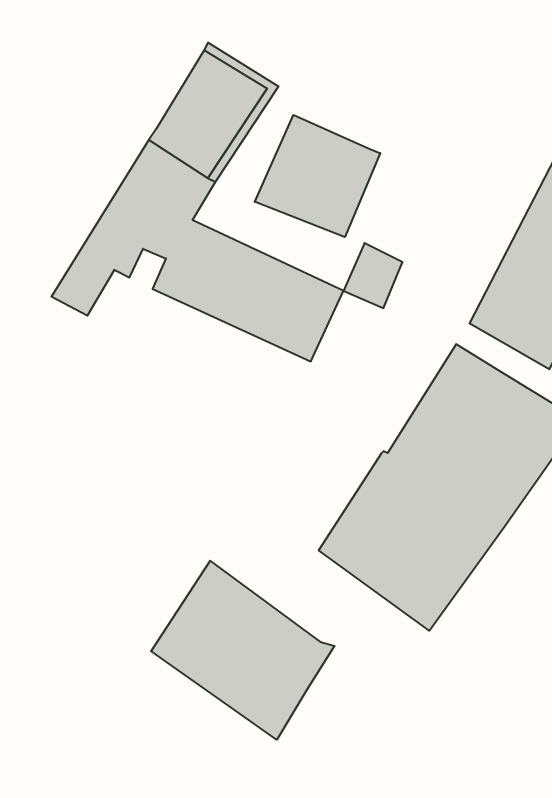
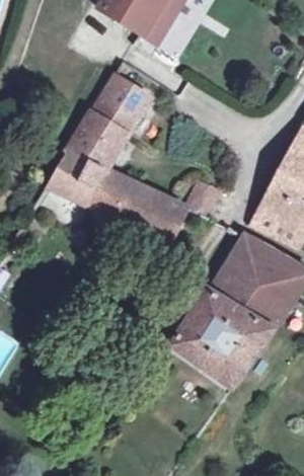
building: [255,115,380,237] -> none
building: [151,561,335,740] -> none

